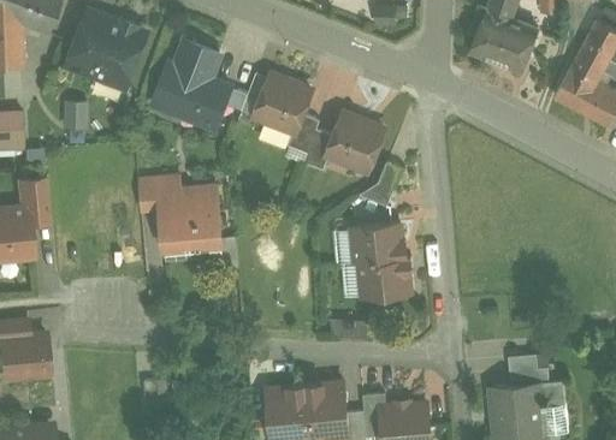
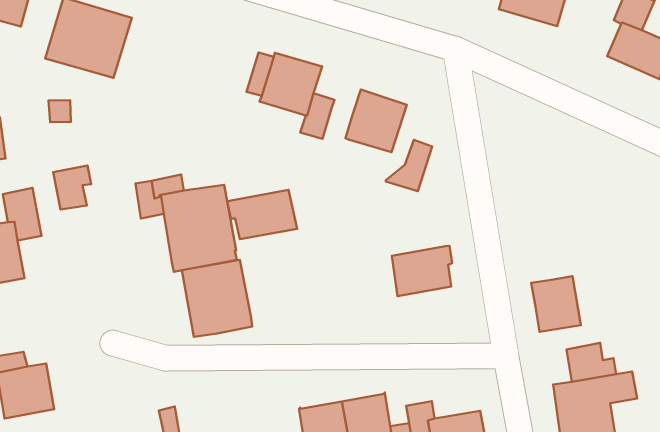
building: [153,42,229,127] -> none
building: [302,129,333,171] -> none
building: none -> [53,165,91,209]
building: none -> [227,190,297,239]
building: [351,222,407,262] -> none
building: none -> [182,260,252,337]
building: none -> [531,276,581,332]

